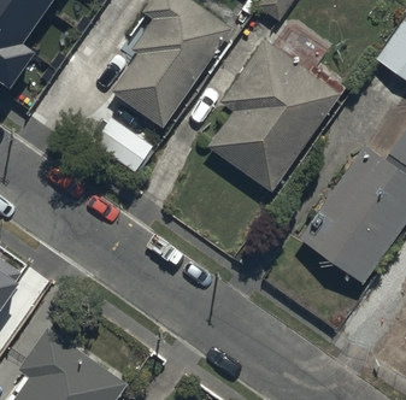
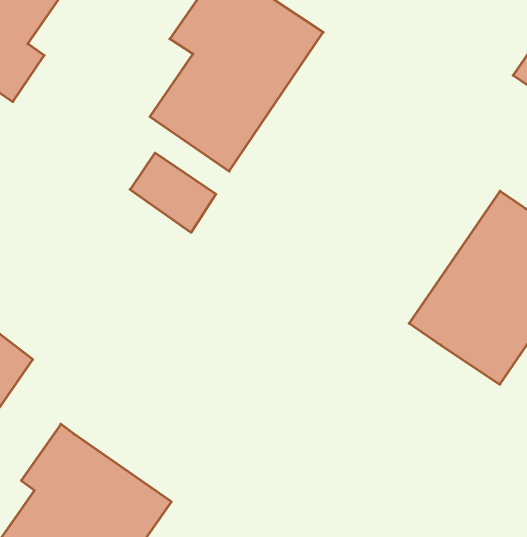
building: [212,41,346,198] -> none

